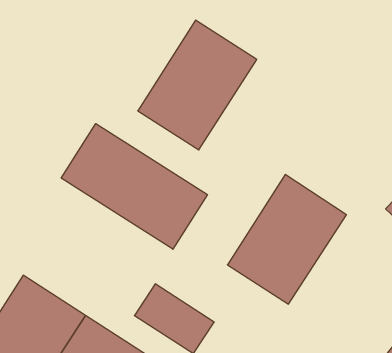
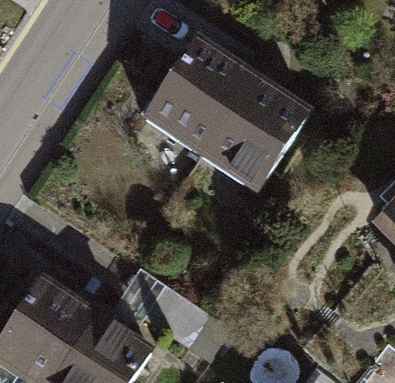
building: [61,124,207,249] -> none
building: [227,174,346,304] -> [204,77,313,196]

